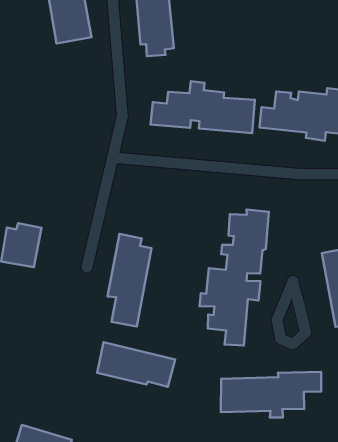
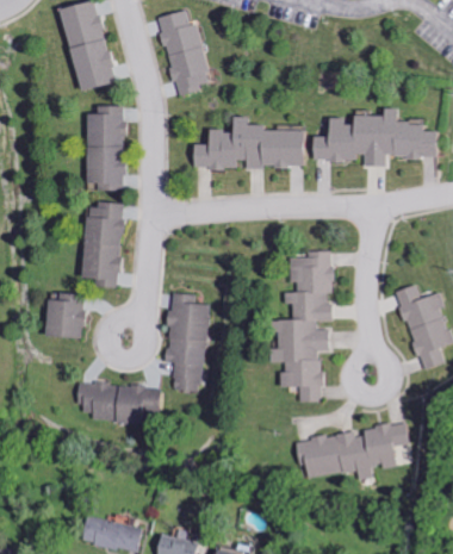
building: none -> [87,106,125,188]
building: none -> [81,203,124,288]
building: [97,342,175,387] -> [76,379,161,421]

